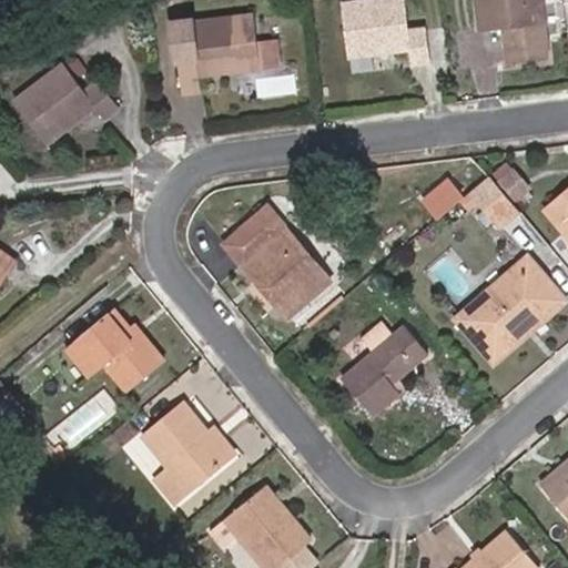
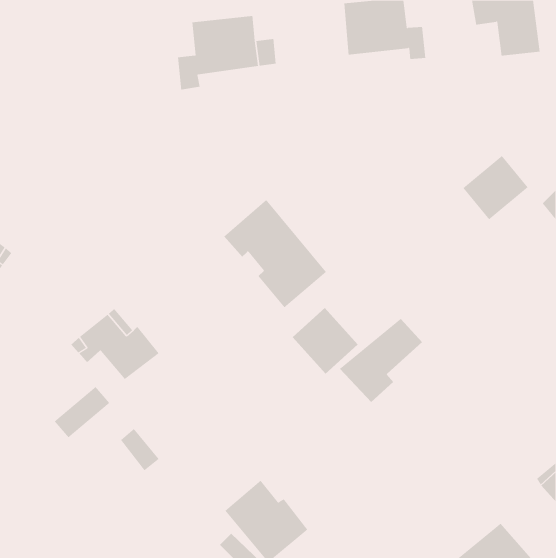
building: [21,61,123,140] -> none
building: [419,176,464,220] -> none
building: [454,264,548,354] -> none
building: none -> [292,307,359,375]
building: [144,402,229,503] -> none

